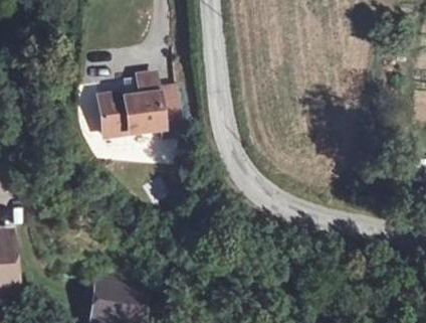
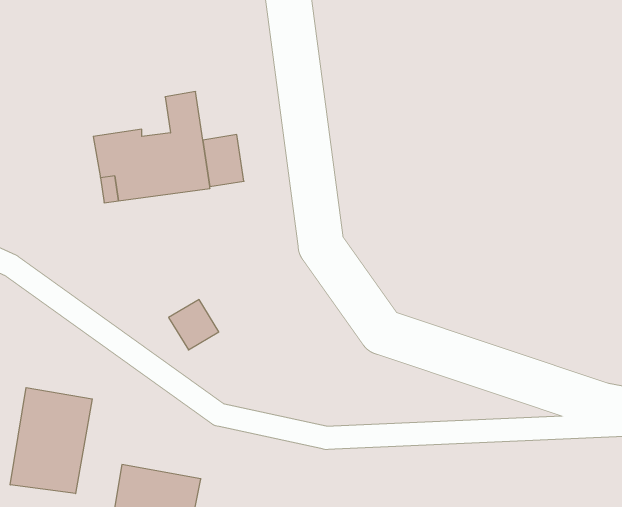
building: none -> [10,388,92,494]

